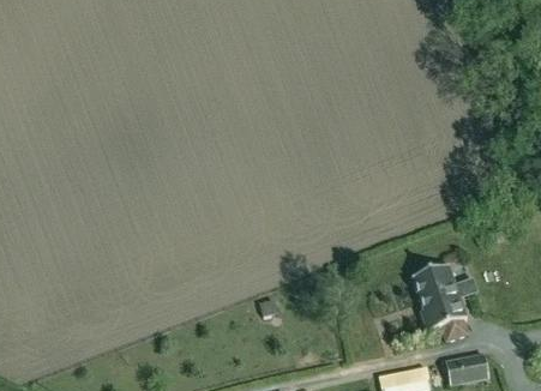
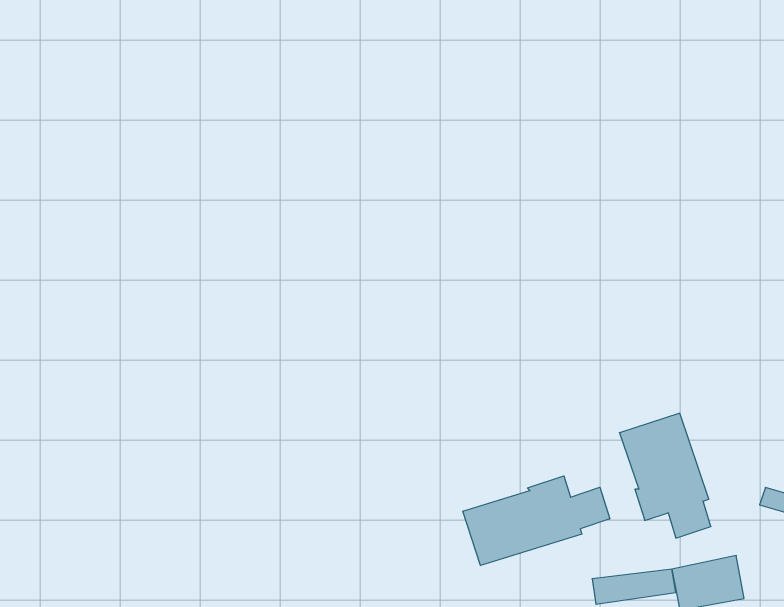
building: none -> [463,476,610,565]

